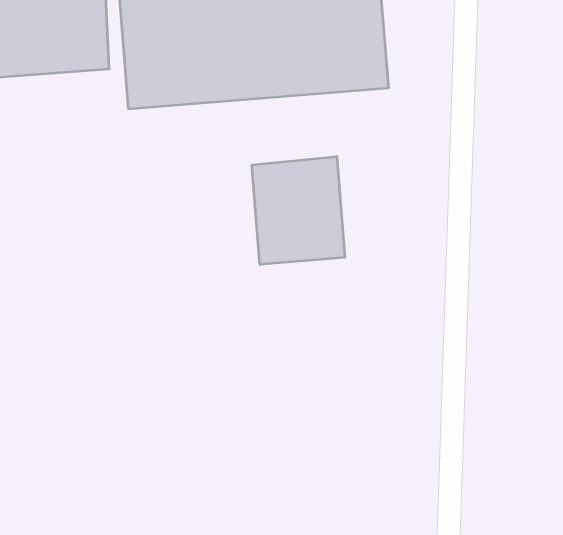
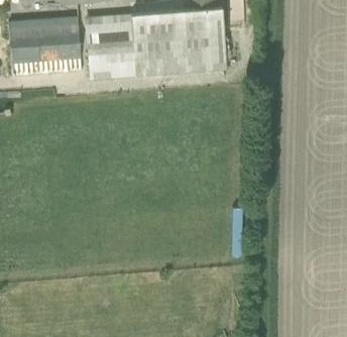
building: [252,156,345,265] -> none

